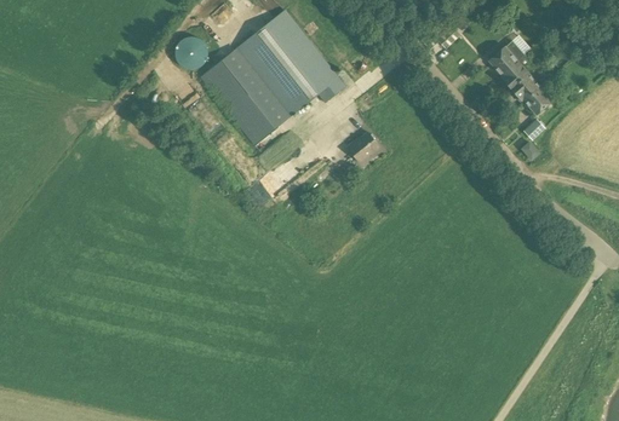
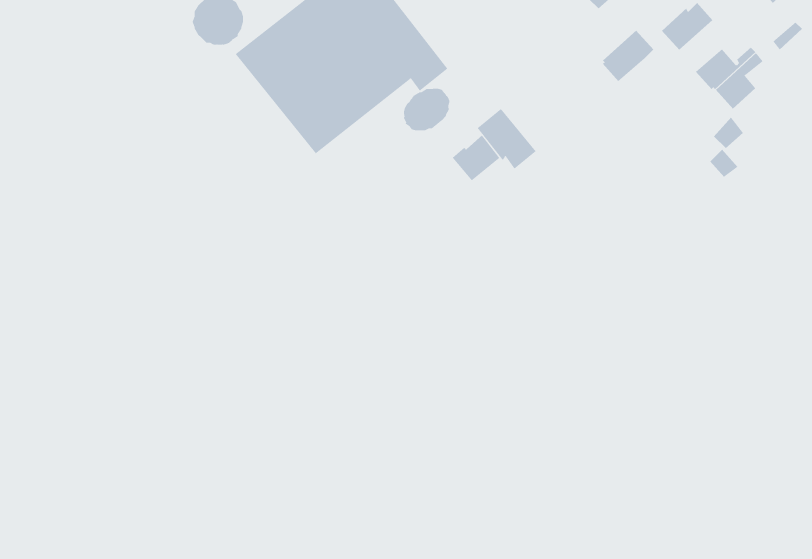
building: [500,53,535,88] -> [602,30,654,82]
building: none -> [403,88,450,131]
building: none -> [477,108,536,169]

